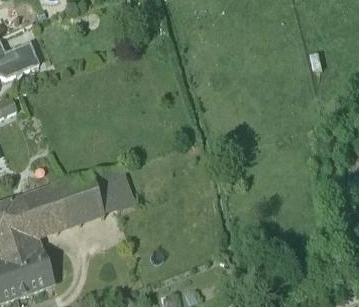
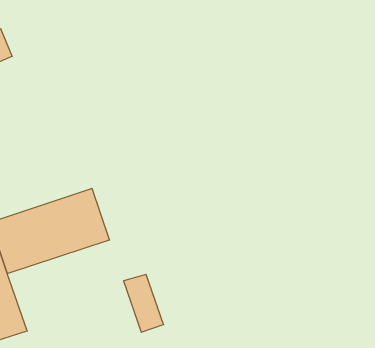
building: [103,164,135,210] -> [124,275,164,332]

